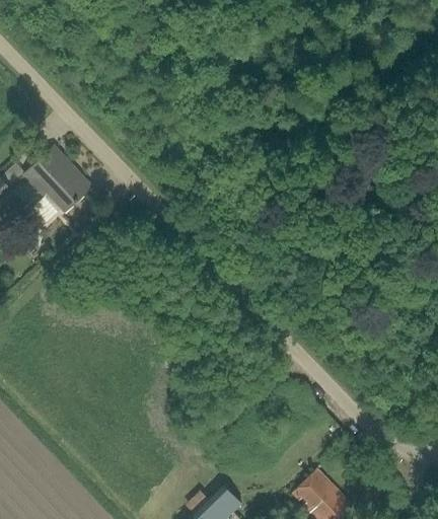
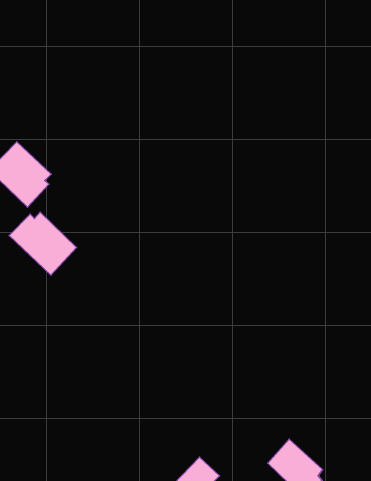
building: none -> [9,212,76,275]

